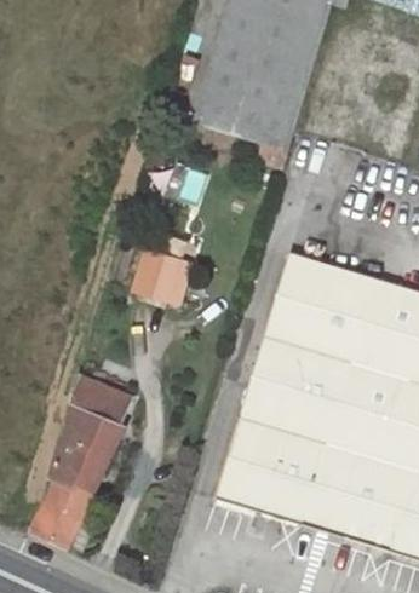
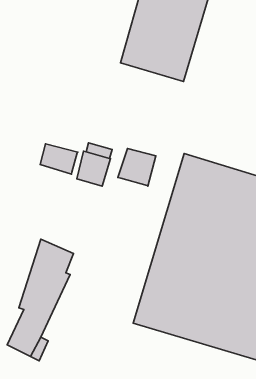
building: none -> [40,144,78,174]
building: none -> [118,148,156,186]

